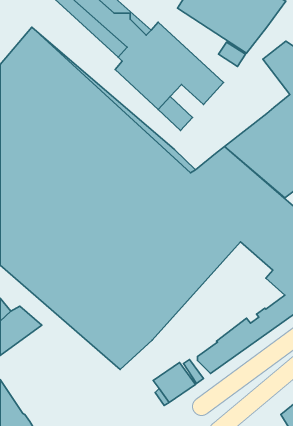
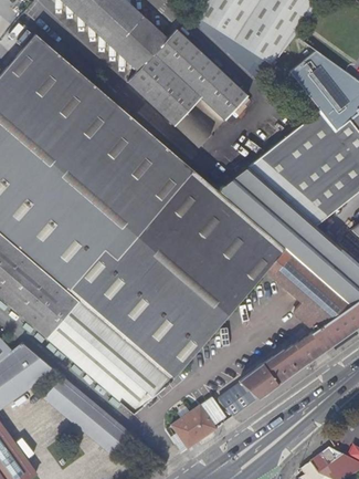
building: none -> [46,377,129,454]

